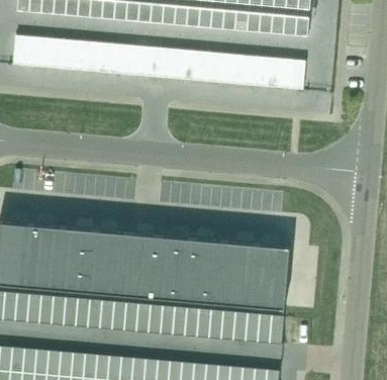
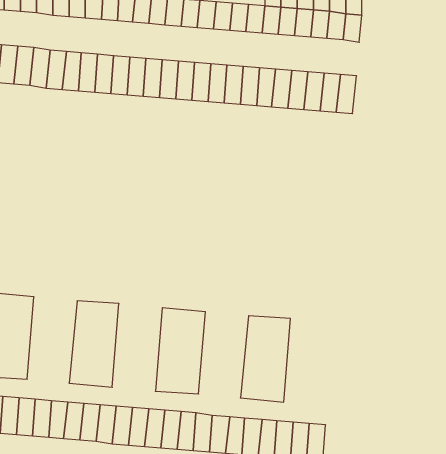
building: [60,225,97,290] -> none
building: [123,230,161,296] -> none
building: [188,236,225,301] -> none
building: [252,242,291,307] -> none

